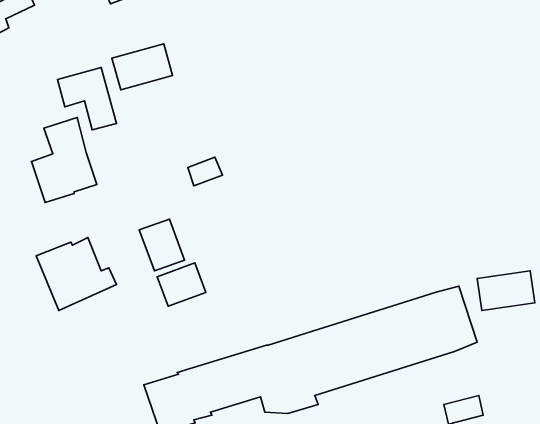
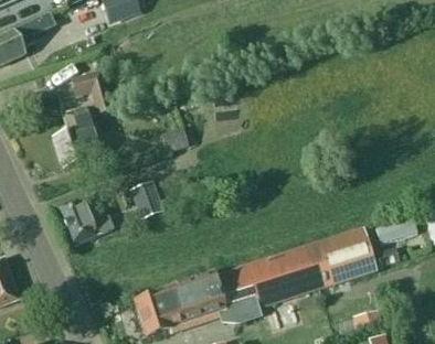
building: [112,44,173,90] -> none
building: [157,263,206,306] -> none

